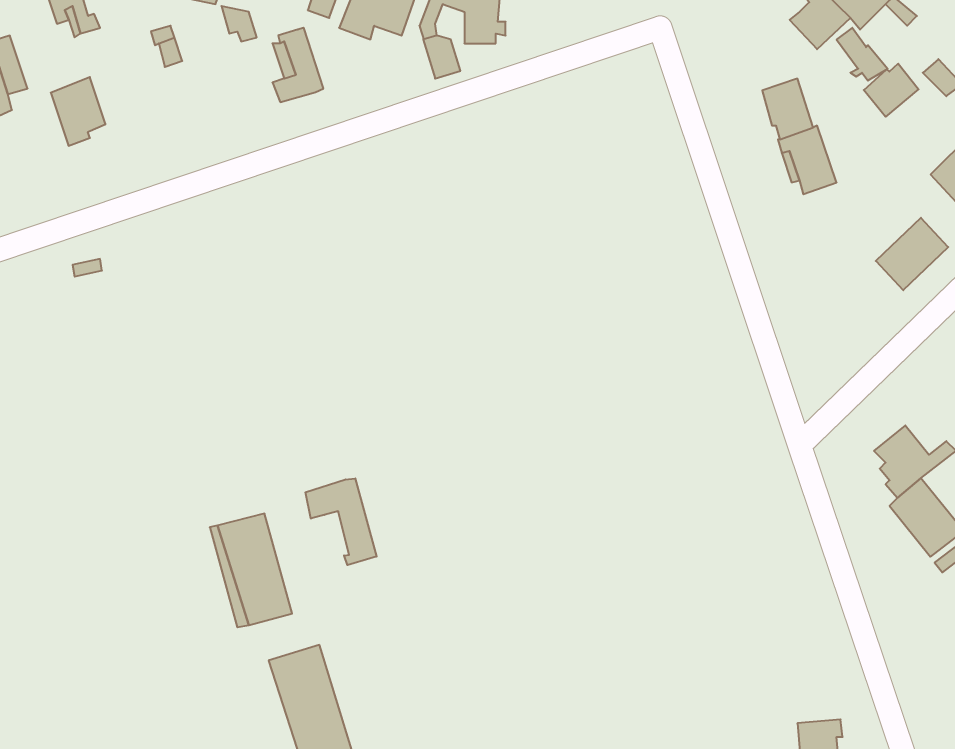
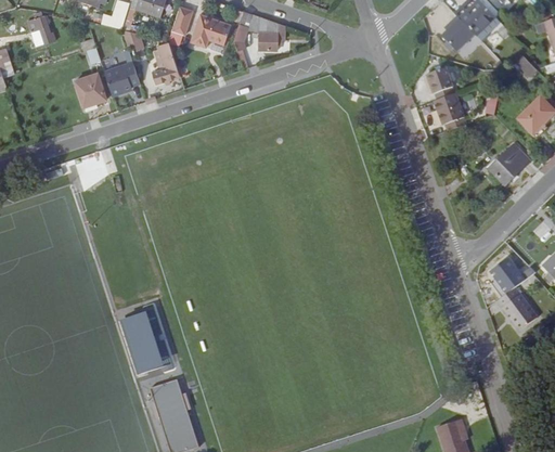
building: none -> [107,59,142,92]
building: [864,64,919,117] -> none
building: [51,77,106,146] -> [79,70,109,108]
building: [305,478,377,565] -> none

